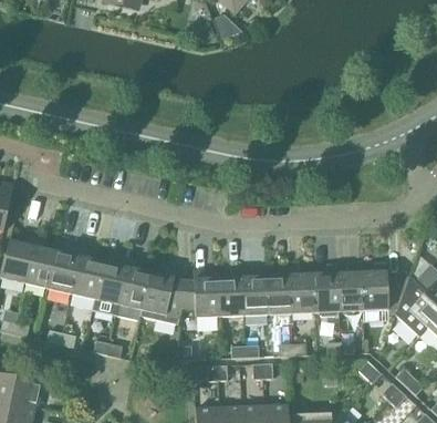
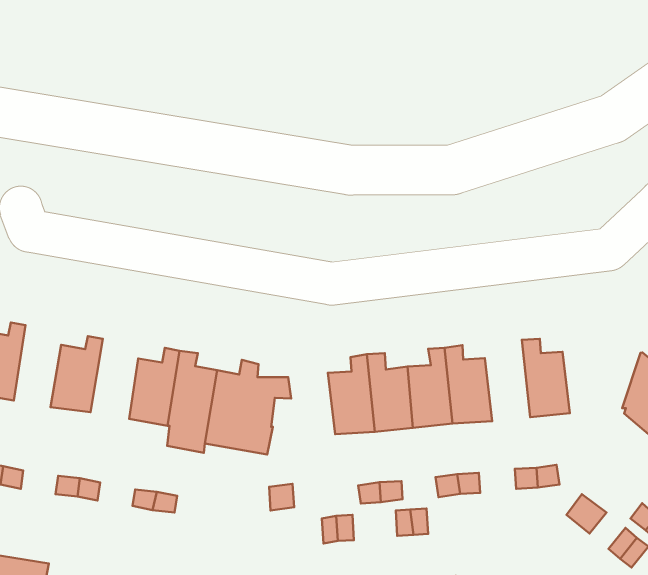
building: [23,238,55,299] -> none
building: [71,249,102,299] -> none
building: [361,264,408,311] -> none
building: [313,265,339,313] -> none
building: [180,269,219,317] -> none

